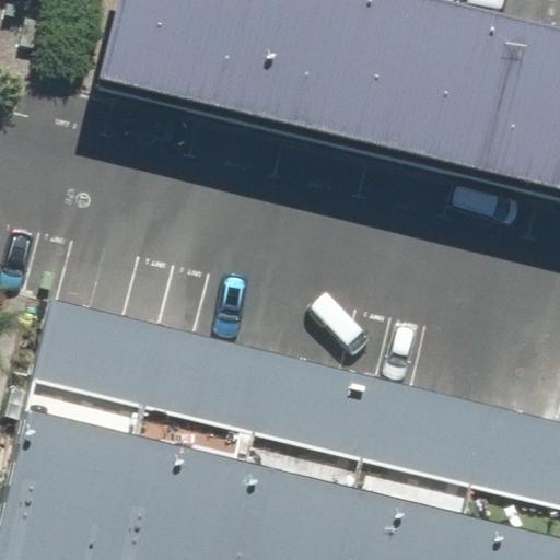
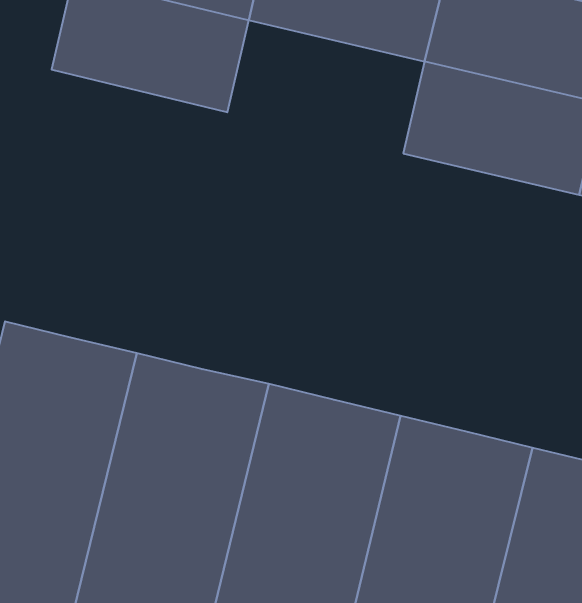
building: [238,52,400,162] -> none

